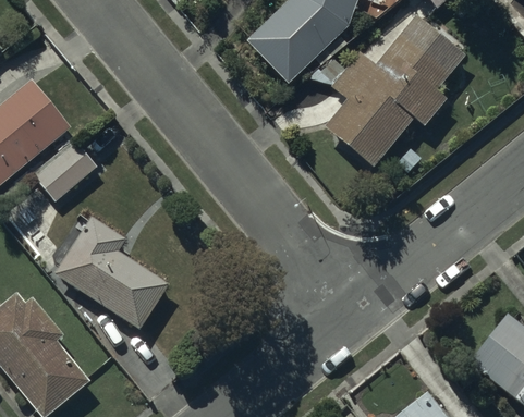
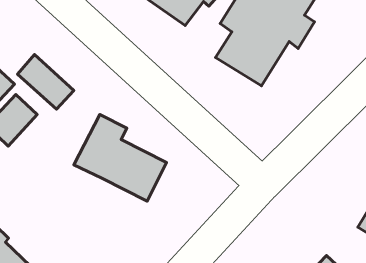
building: none -> [17,55,74,109]
building: [57,218,169,330] -> [74,114,166,201]

